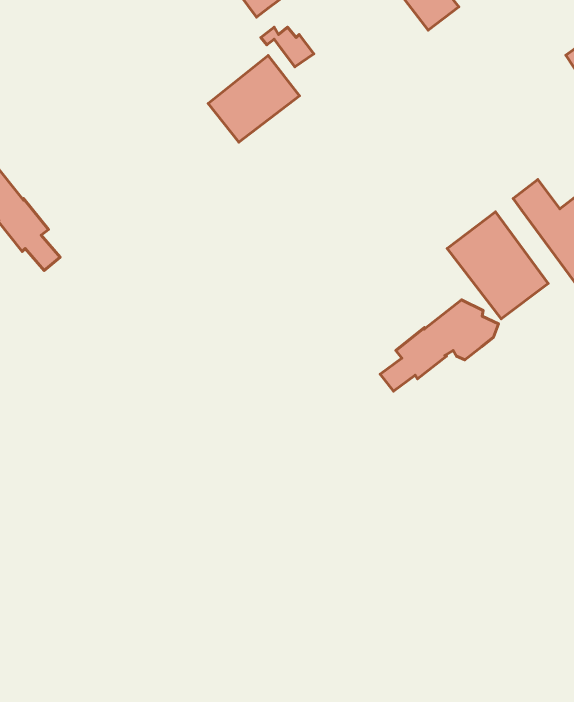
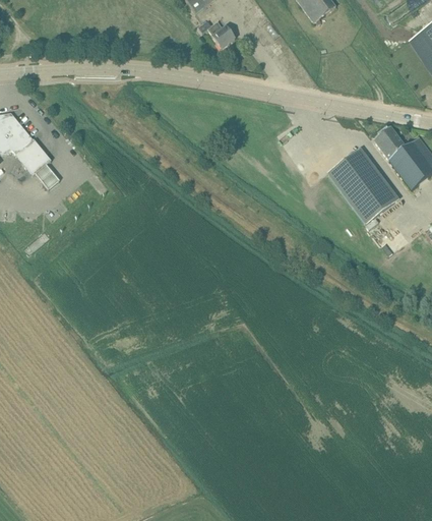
building: [208,55,300,142] -> none
building: [380,300,499,391] -> none

